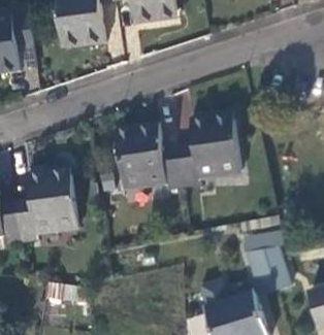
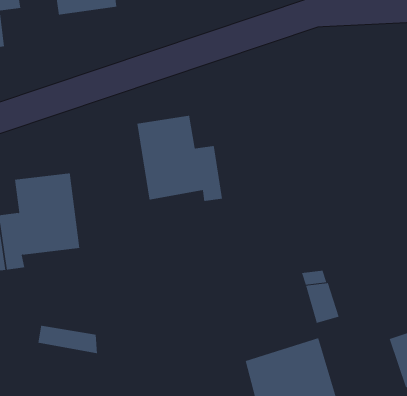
building: [179,111,239,186] -> none

